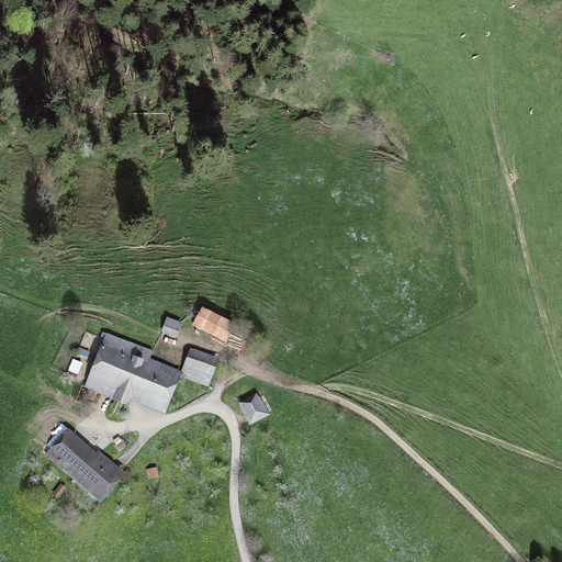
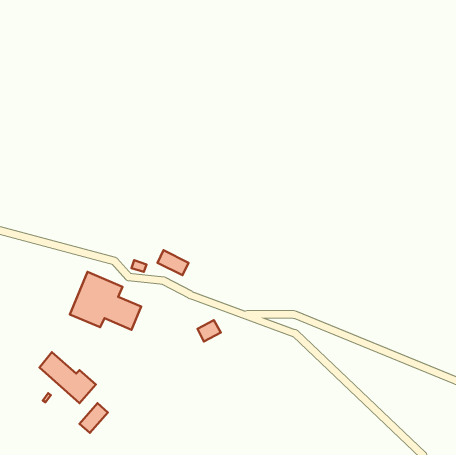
building: [181,350,214,384] -> none
building: none -> [79,403,108,433]

